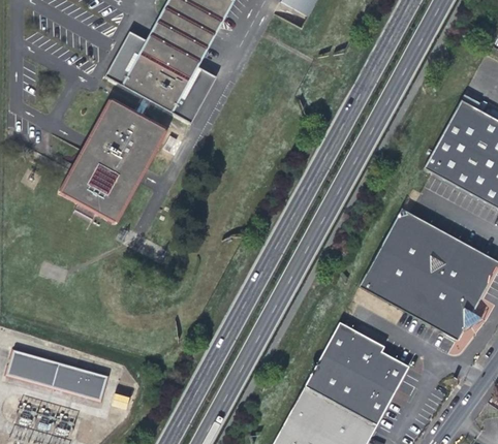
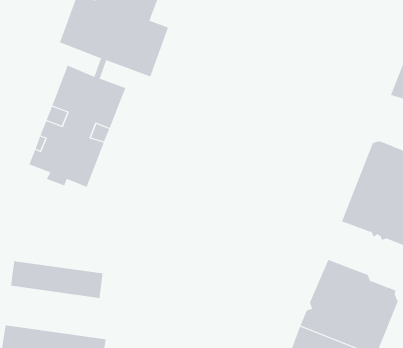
building: none -> [11,260,103,299]

